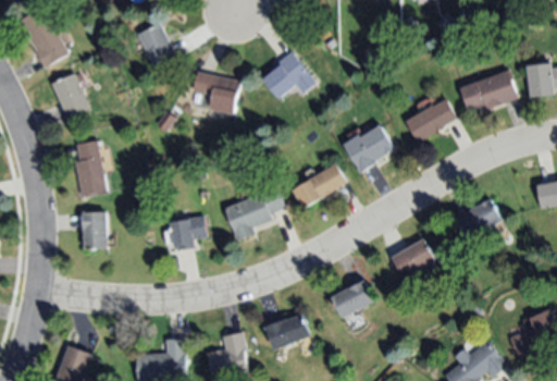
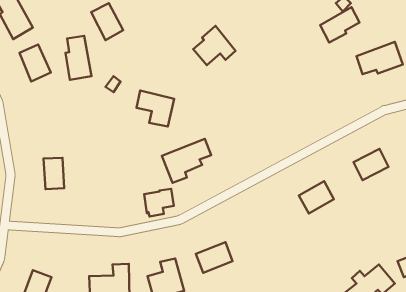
building: [193,70,238,113] -> [137,91,174,127]
building: [406,99,454,142] -> [320,7,360,42]
building: [343,125,393,171] -> none
building: [73,140,104,194] -> [65,36,91,80]
building: [293,162,345,207] -> none
building: [170,216,206,249] -> [144,189,174,217]
building: [331,279,373,317] -> none

